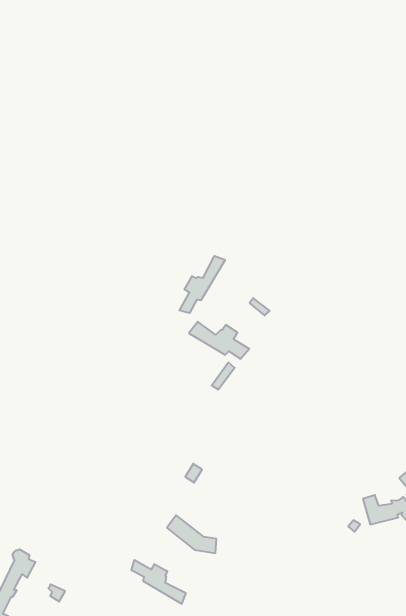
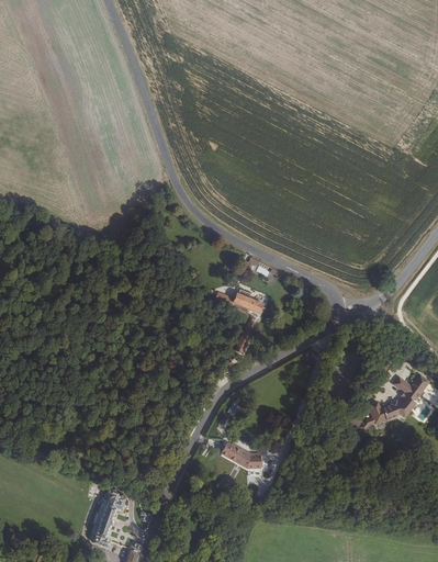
building: [179,256,225,313] -> none
building: [131,560,186,604] -> none

